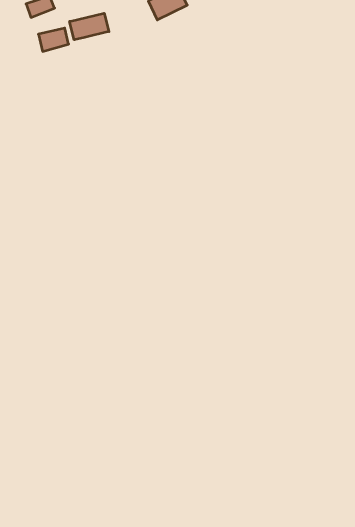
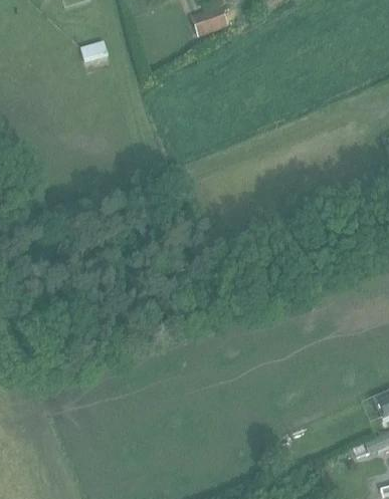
building: [70,13,109,40] -> none

